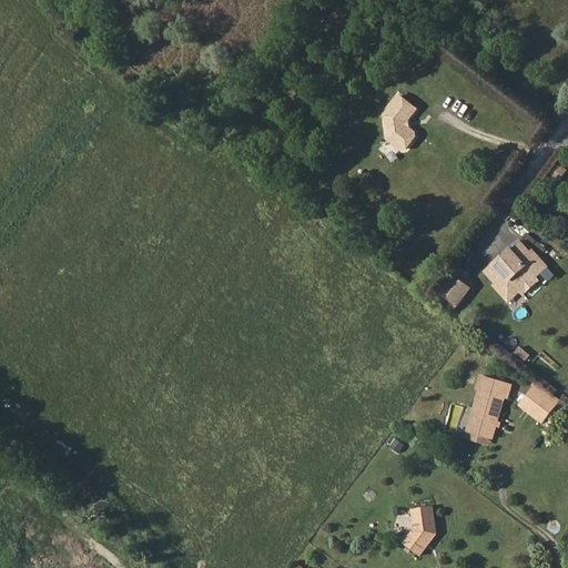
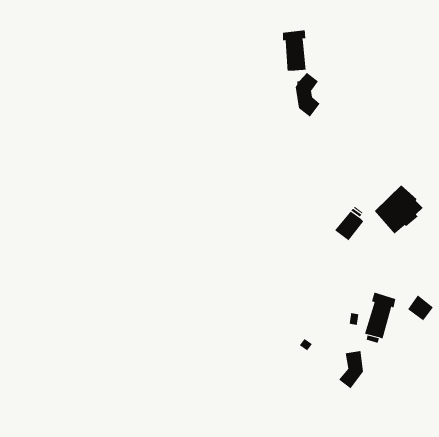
building: none -> [282,30,306,72]
building: [403,503,436,552] -> [338,350,364,389]

